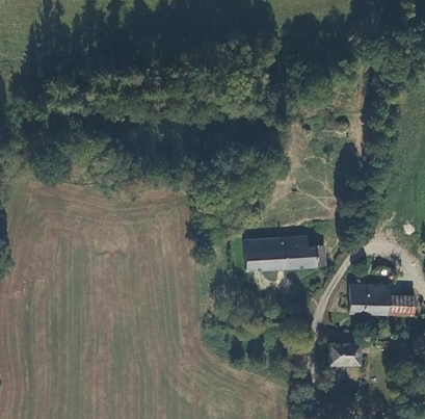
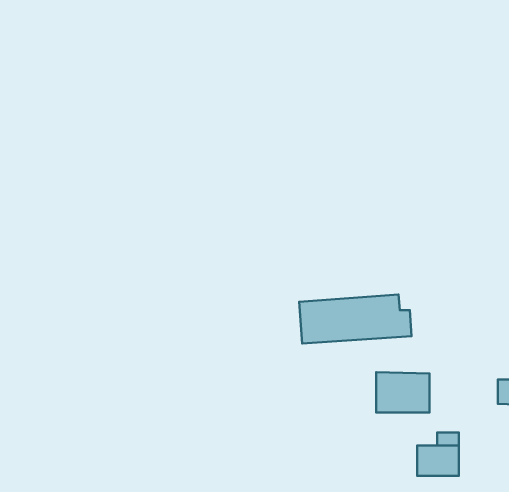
building: [349,286,388,315] -> [376,372,429,412]

